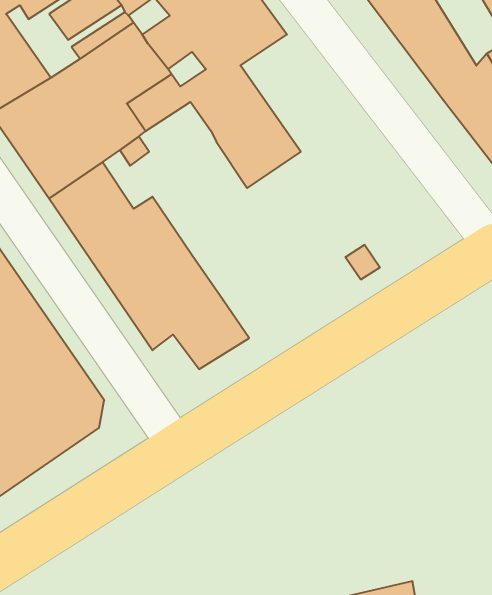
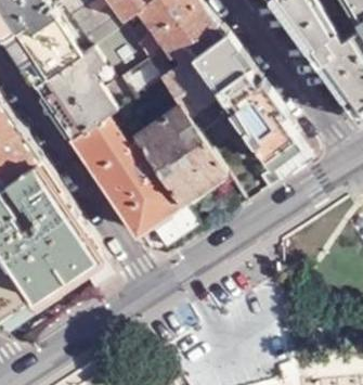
building: none -> [186,26,290,150]
building: none -> [128,93,219,193]

